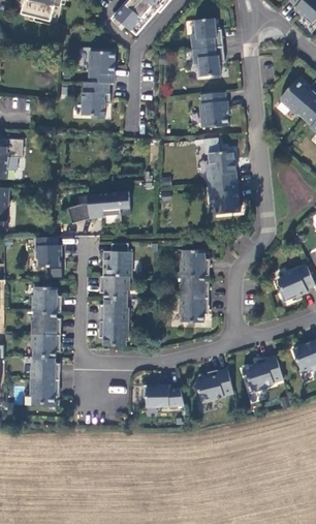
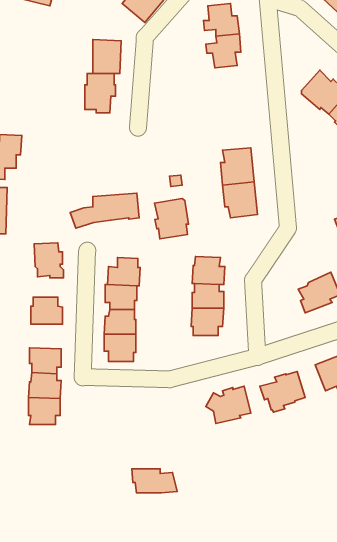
building: [199,91,227,126] -> none
building: none -> [155,199,189,239]
building: [30,311,60,334] -> none
building: [141,383,183,405] -> [132,469,177,493]

